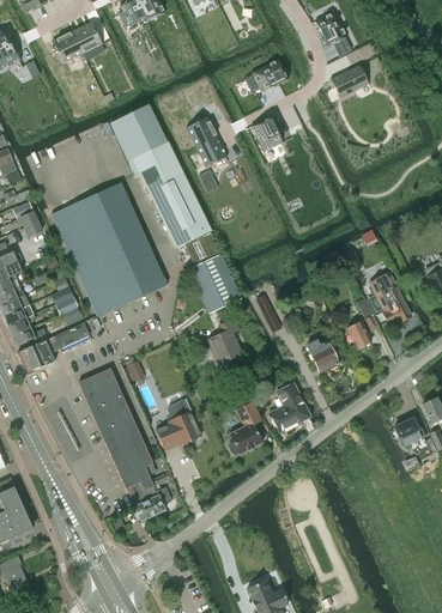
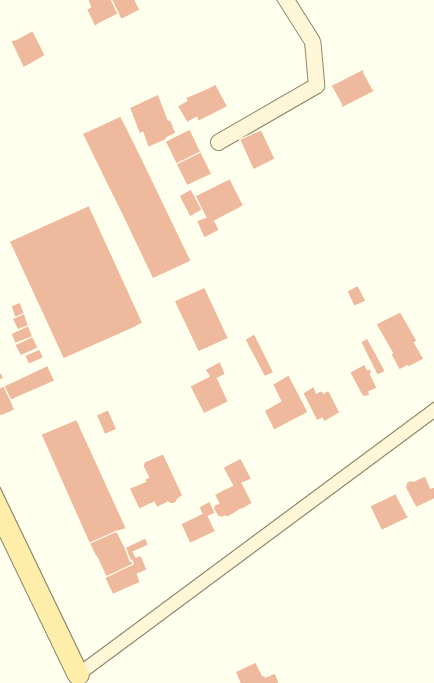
building: [314,12,351,57] -> none
building: [71,22,102,53] -> none
building: [243,60,287,93] -> [177,84,228,123]
building: none -> [130,94,176,147]
building: none -> [195,179,243,238]
building: [270,383,308,431] -> [264,375,308,430]
building: none -> [370,493,408,530]
building: none -> [181,501,215,543]

